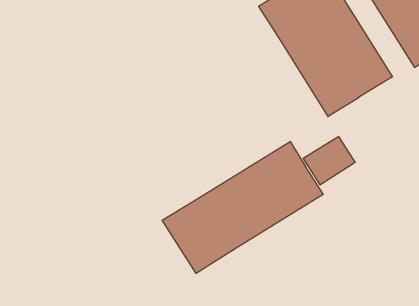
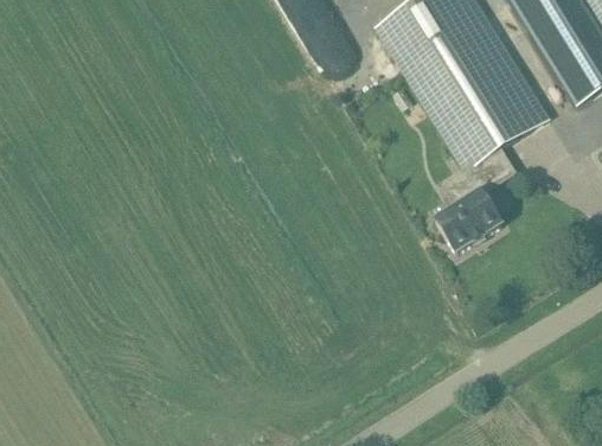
building: [162,141,323,273] -> none

